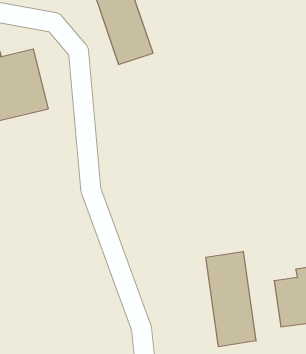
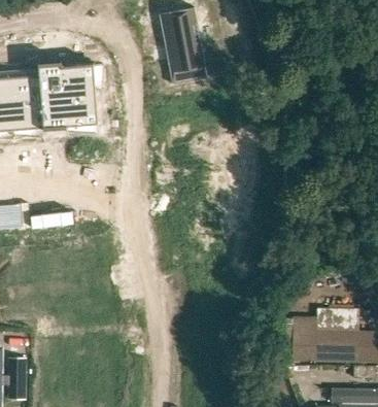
building: [206,251,256,347] -> none

